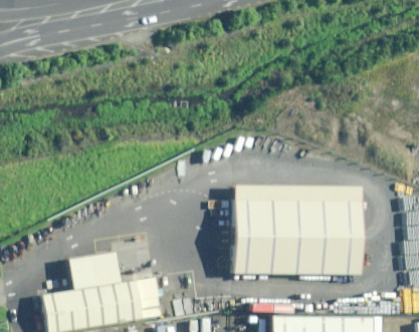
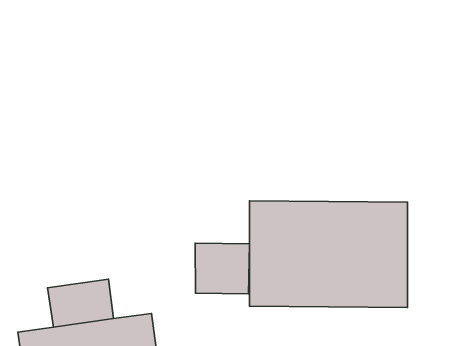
building: none -> [195,243,250,294]

